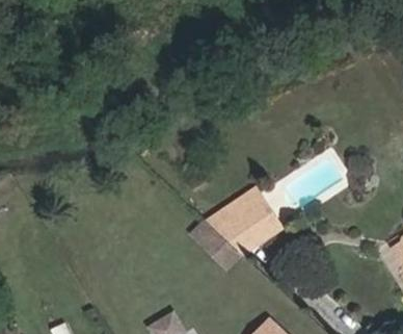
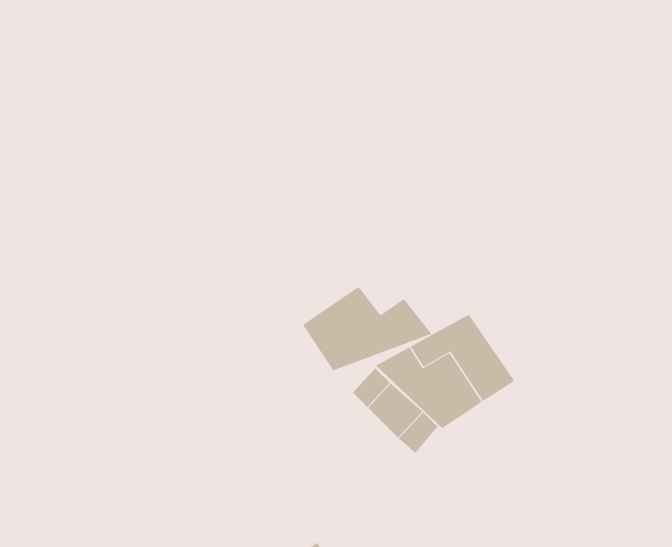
building: none -> [302,286,432,371]

